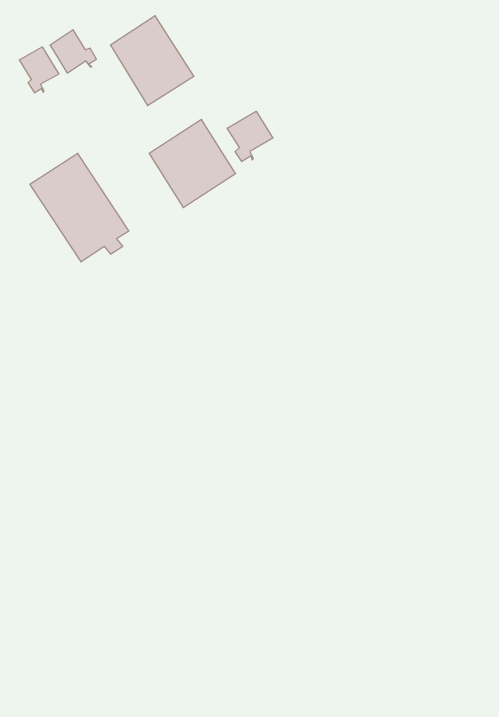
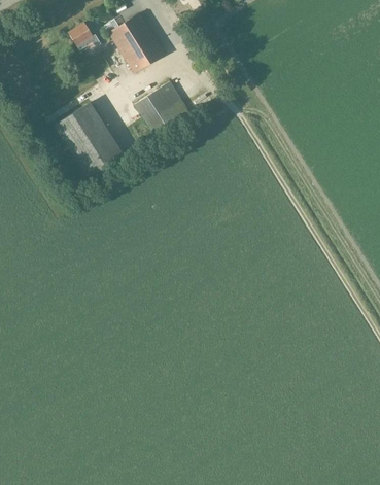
building: [19,47,59,93] -> none
building: [227,111,273,162] -> none

